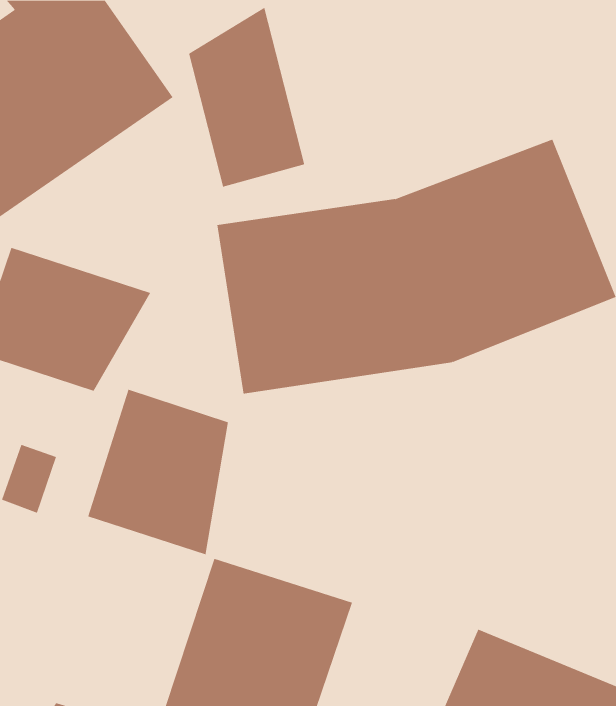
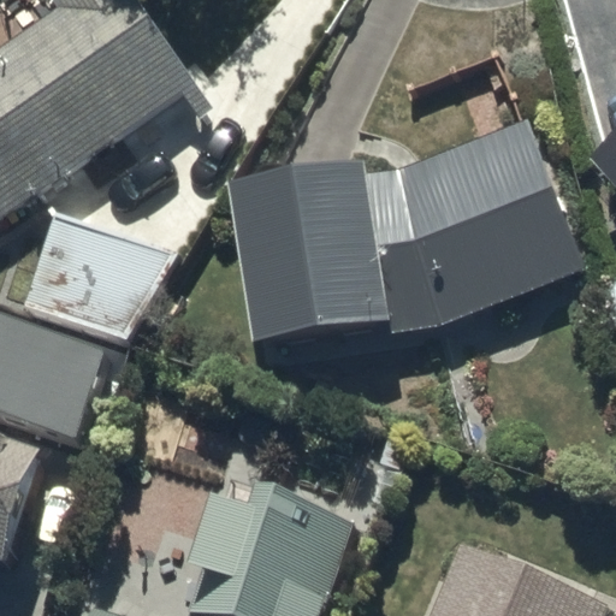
building: [188,7,305,188] -> none
building: [88,389,229,555] -> none

